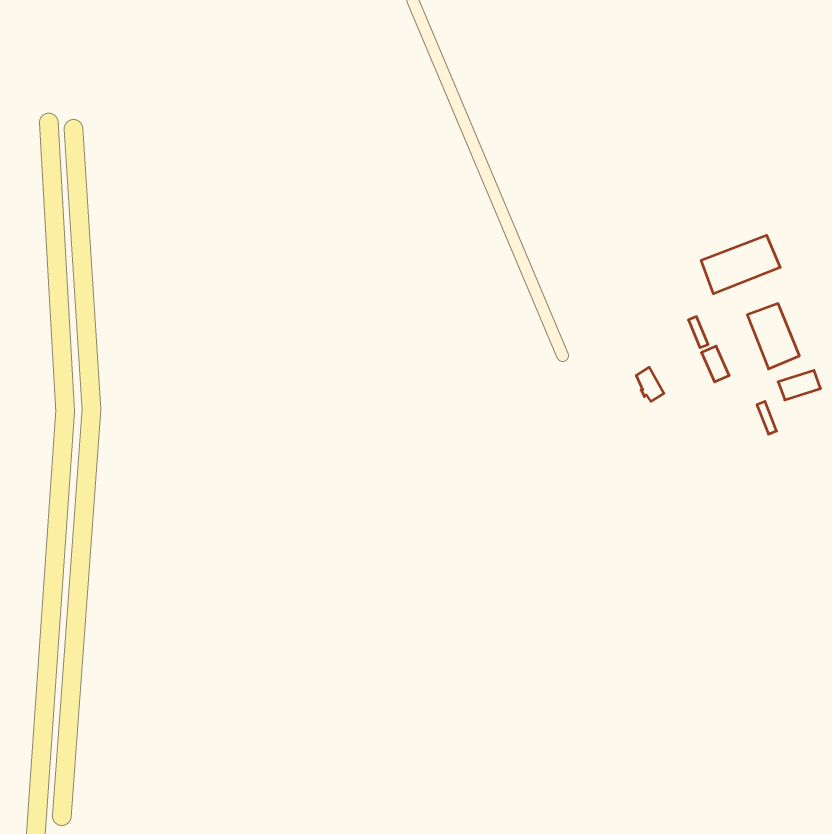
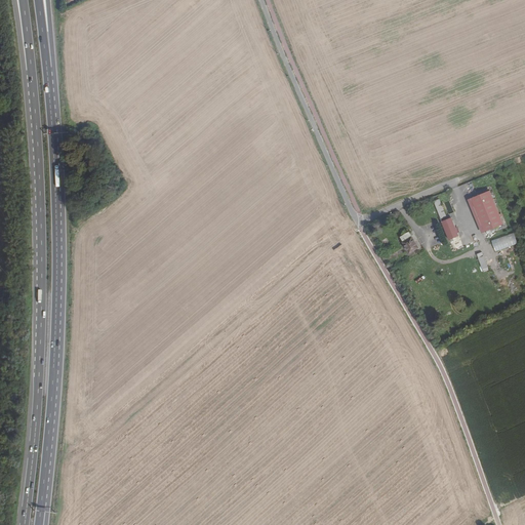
building: [701,235,780,294] -> none

